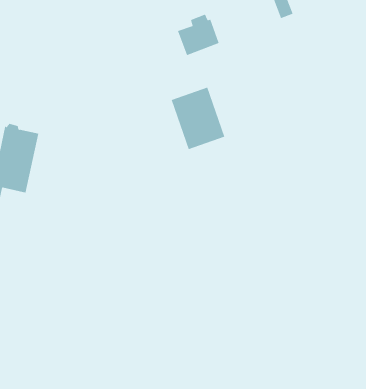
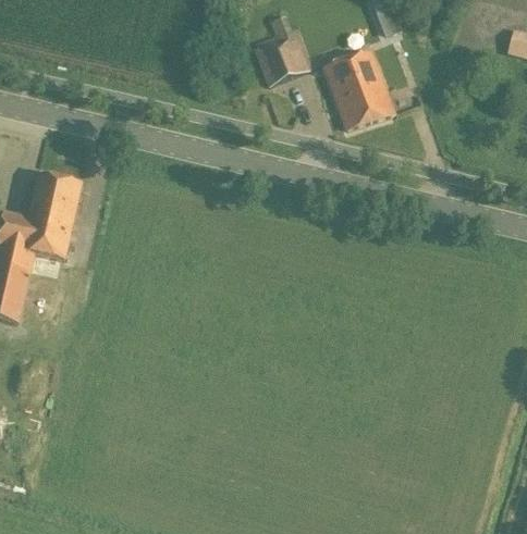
building: [171,87,225,150] -> [326,49,394,128]

